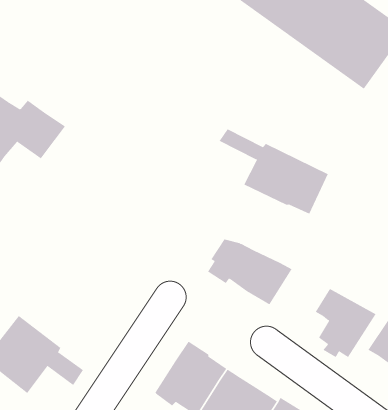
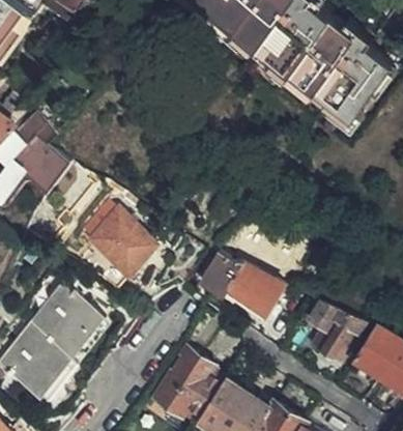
building: [219,128,328,215] -> none
building: none -> [78,208,149,289]
building: none -> [29,286,104,377]

